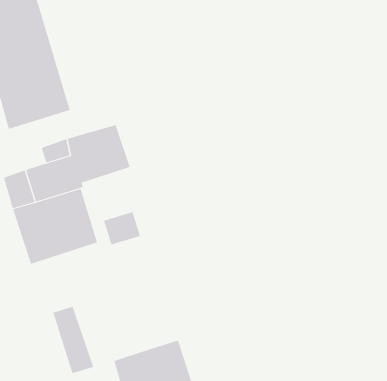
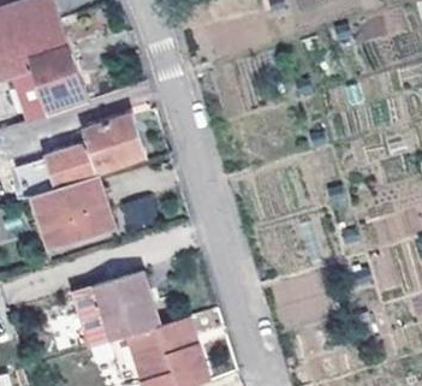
building: none -> [91,268,159,342]

